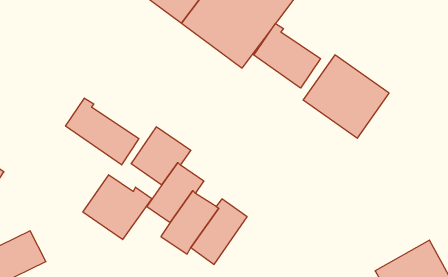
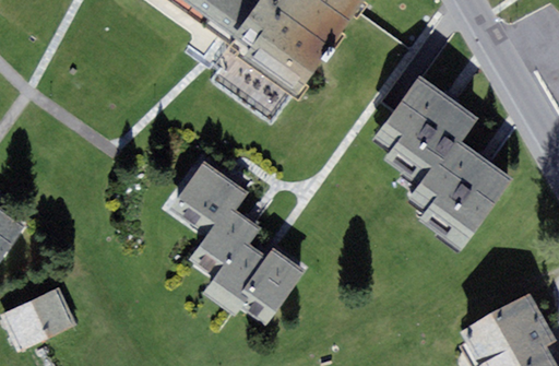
building: [254,24,321,88] -> none
building: [66,98,139,165] -> none
building: none -> [418,140,520,245]
building: [83,175,152,240] -> none

